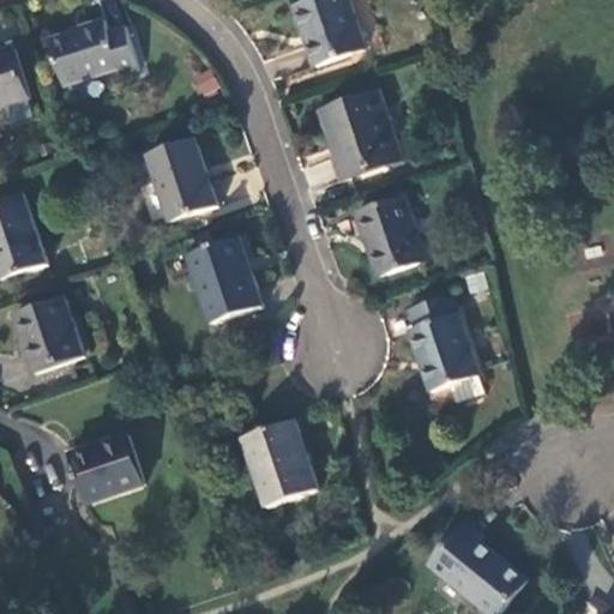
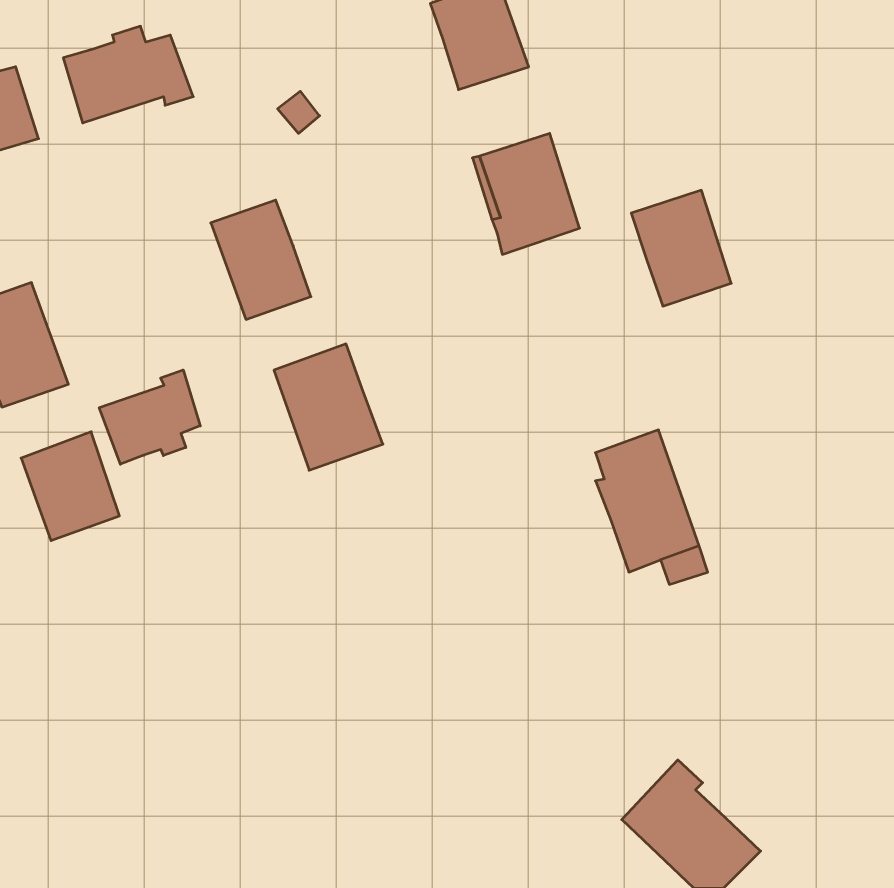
building: [355,194,423,273] -> [631,190,731,306]
building: none -> [99,370,200,464]
building: [243,419,317,504] -> none
building: [70,433,142,501] -> none

